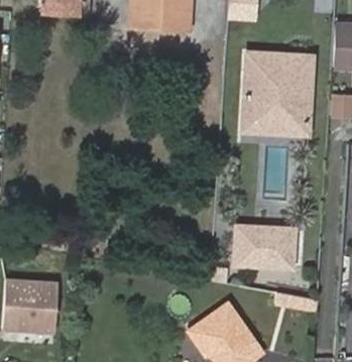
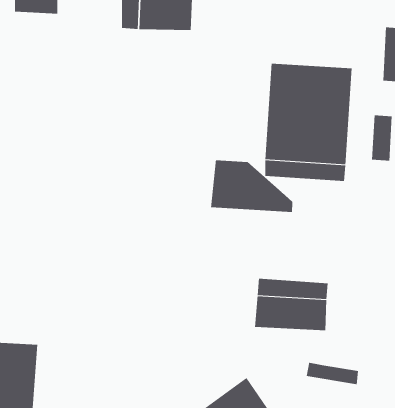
building: none -> [211,160,293,213]

